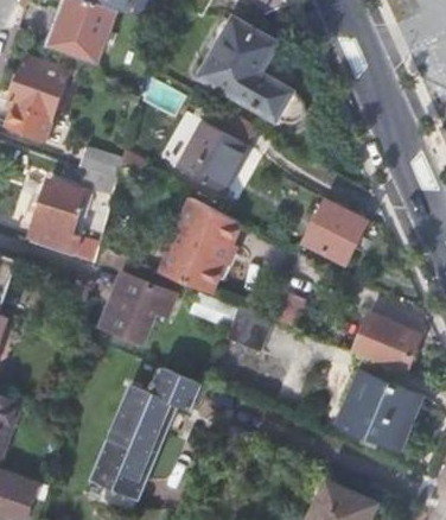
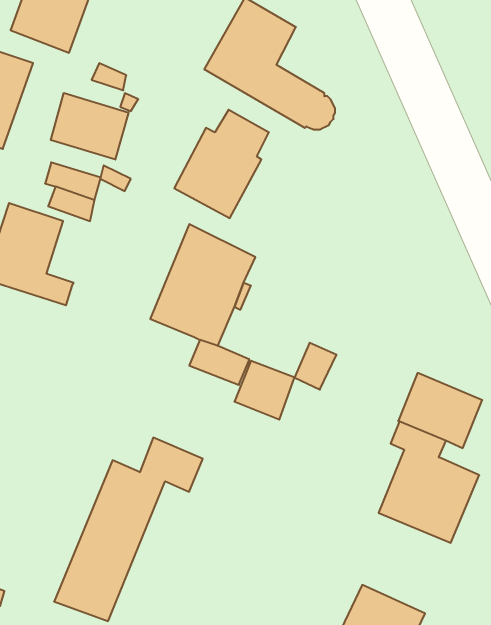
building: none -> [51,93,128,160]
building: [305,199,367,262] -> none
building: [101,274,173,343] -> none

